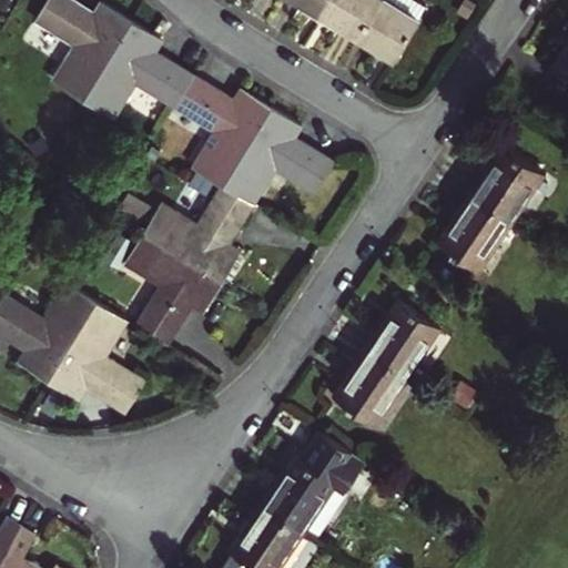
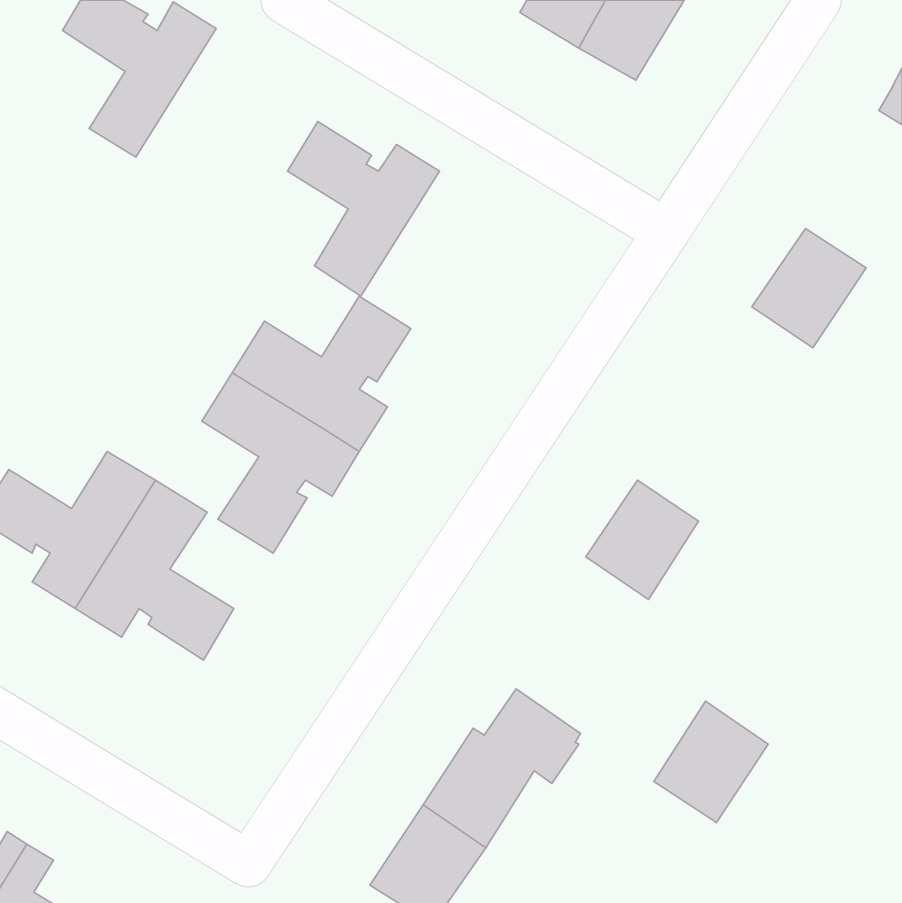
building: [84,23,197,122] -> none
building: [223,112,339,210] -> none
building: [435,196,505,271] -> none
building: [332,352,403,427] -> [654,701,768,823]

